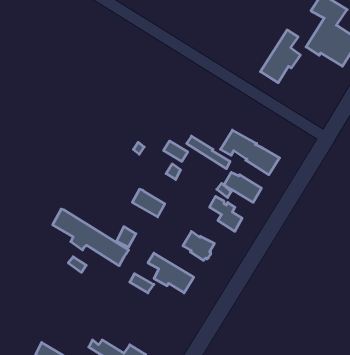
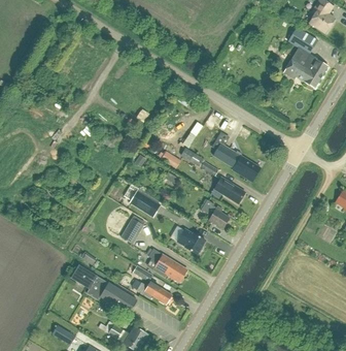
building: [260,30,300,83] -> none
building: [53,209,129,266] -> [71,264,136,313]
building: none -> [135,281,171,304]

